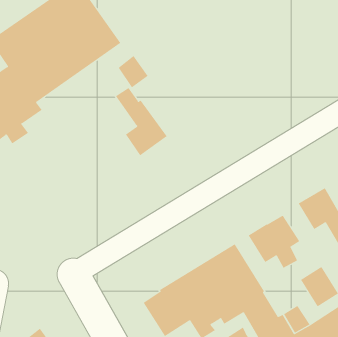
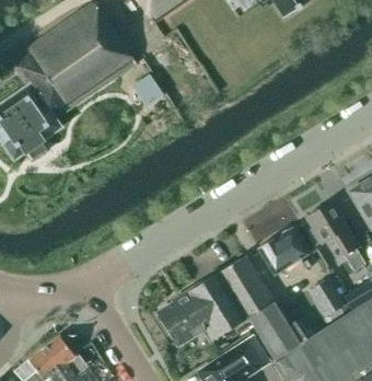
building: [115,87,168,156] -> none

